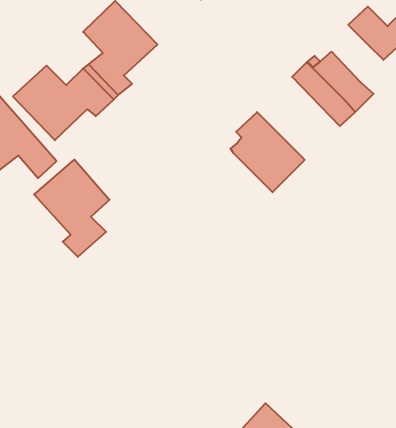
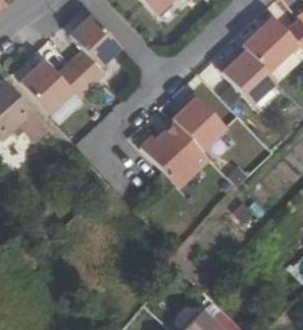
building: none -> [244,31,286,72]
building: none -> [143,123,213,189]
building: [34,160,110,257] -> none

